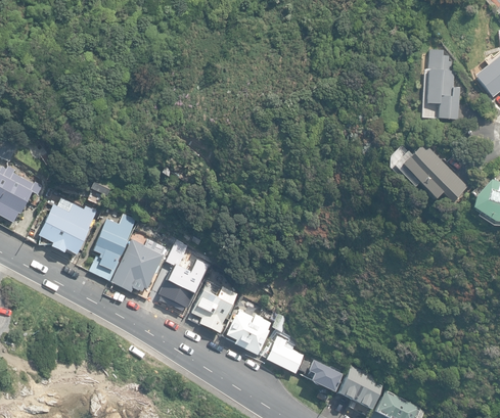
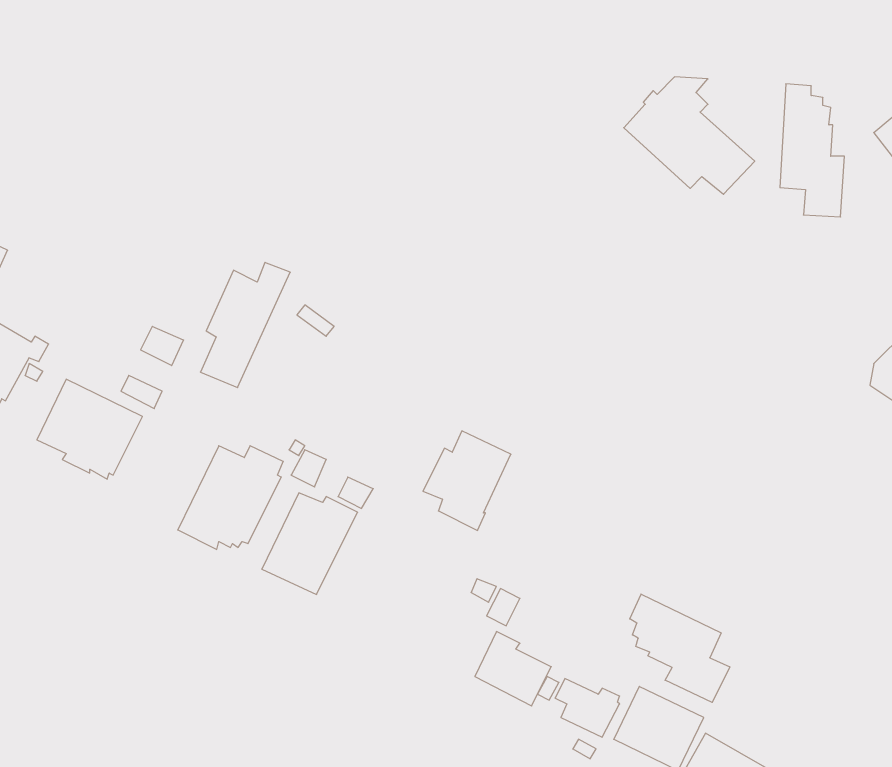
building: [400,141,468,202] -> [624,77,755,194]
building: [90,215,137,280] -> [200,262,290,388]
building: [191,282,237,334] -> [423,431,511,530]
building: [226,311,272,357] -> none
building: none -> [630,594,730,702]

